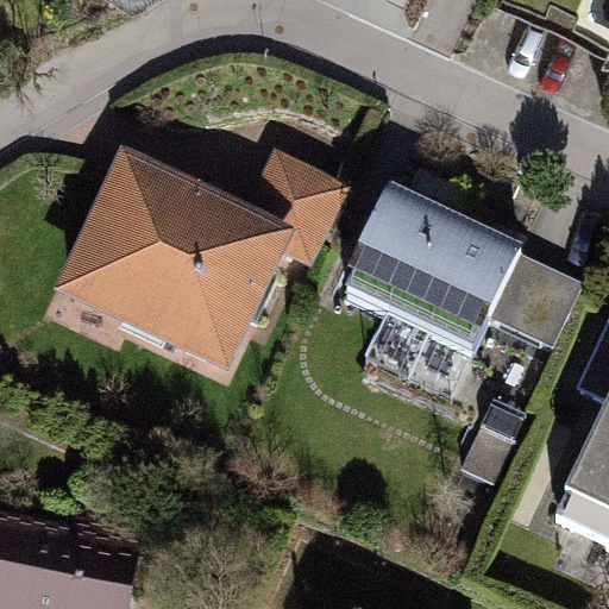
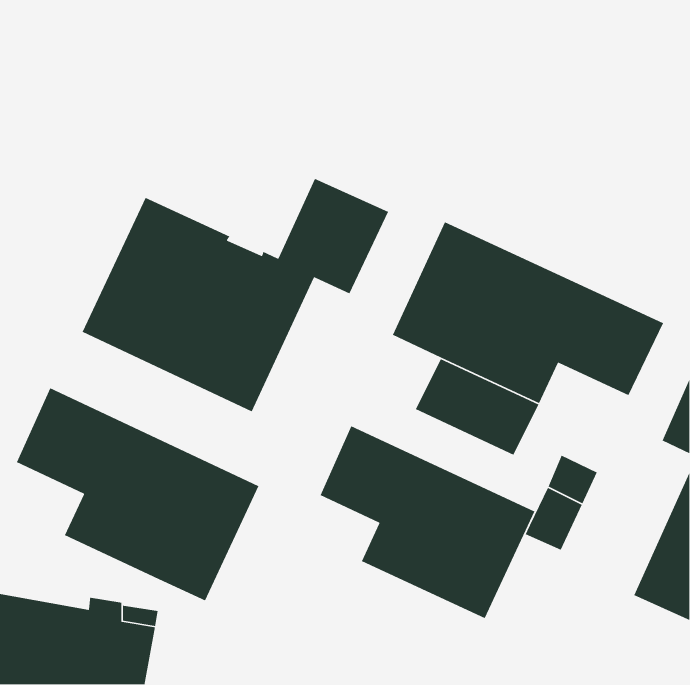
building: none -> [16,387,260,601]
building: none -> [319,425,535,619]

